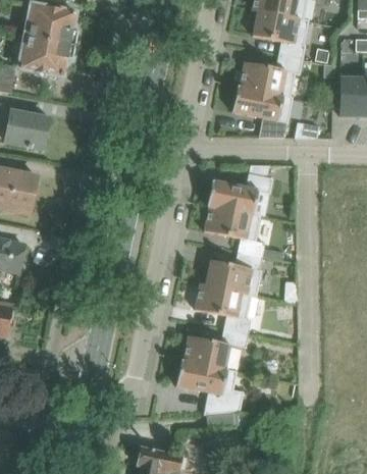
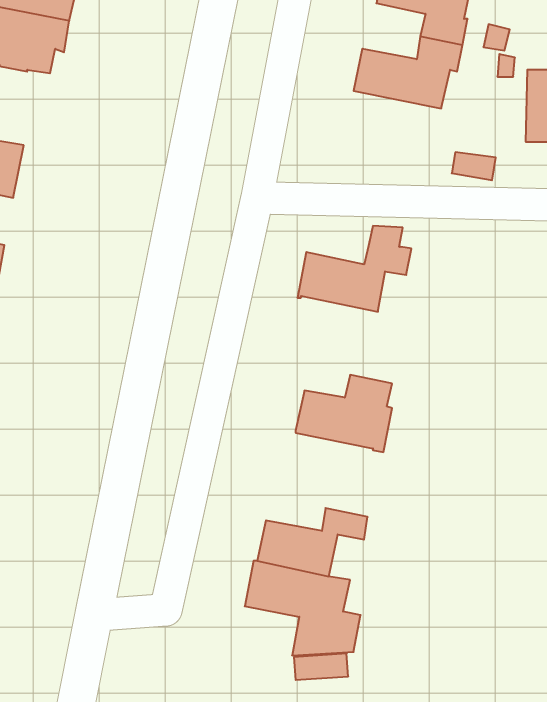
building: [232,85,294,137] -> none
building: [204,205,283,260] -> none
building: [195,282,251,333] -> none

